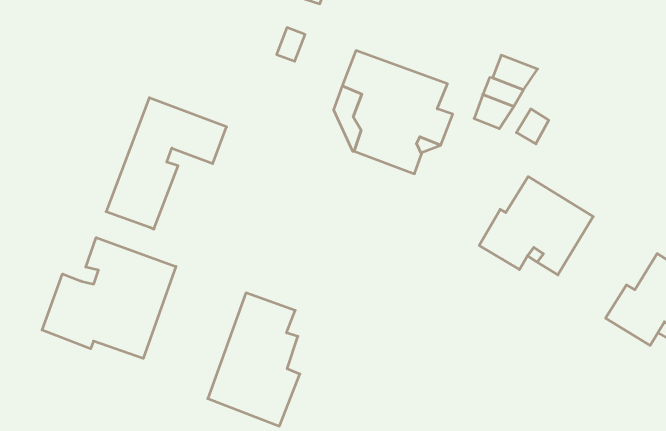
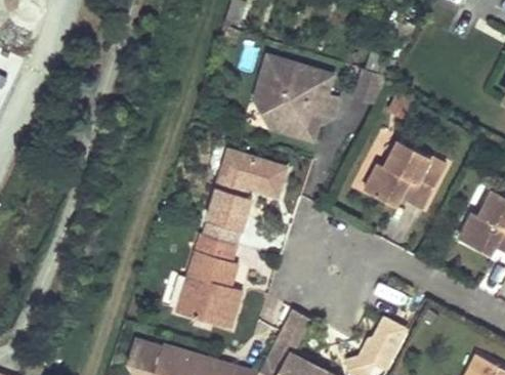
building: [106,98,227,229] -> [204,151,286,244]
building: [42,238,176,358] -> none

